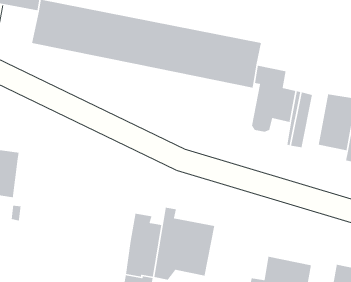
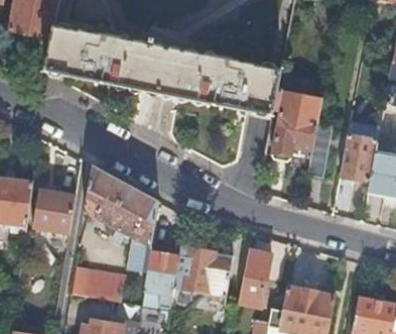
building: none -> [84,165,158,272]
building: none -> [26,188,76,234]
building: none -> [239,250,270,307]
building: none -> [73,265,127,302]

